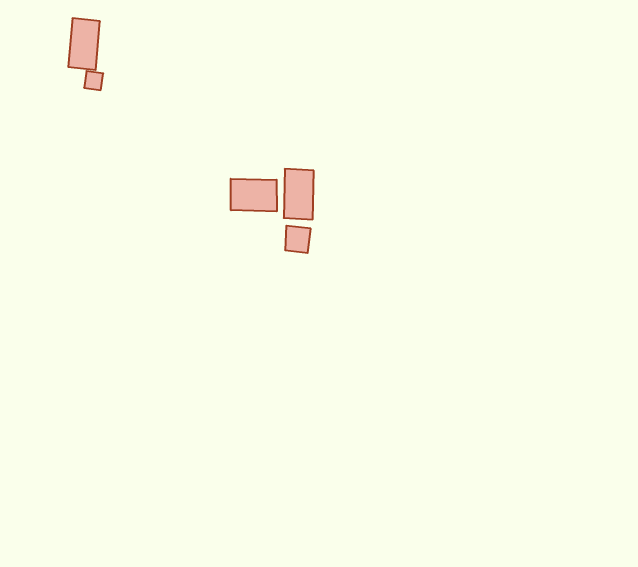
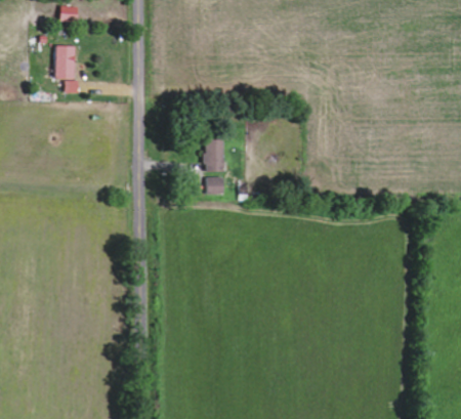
building: [231,179,277,211] -> none

